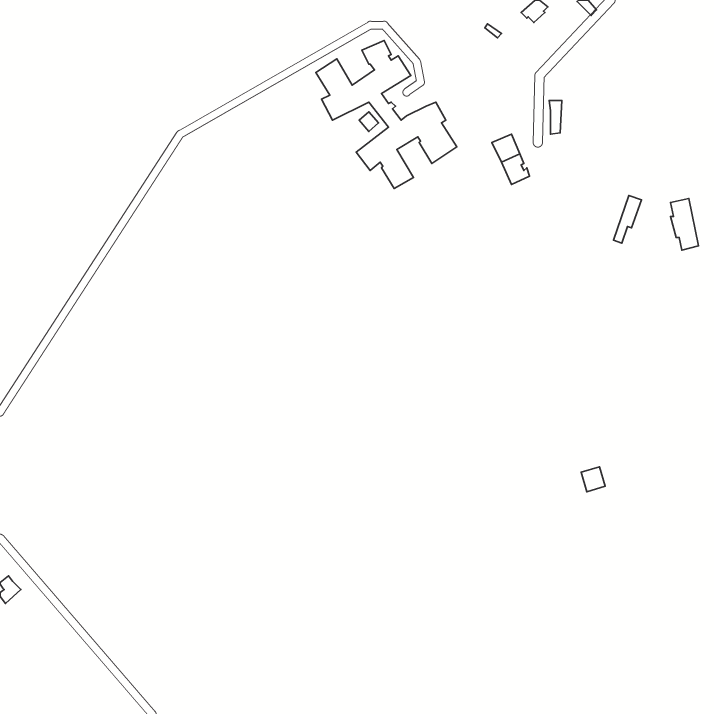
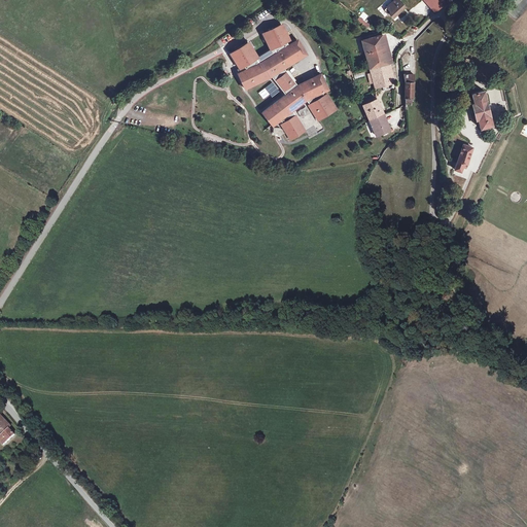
building: none -> [361,34,395,89]
building: [671,198,699,250] -> [473,93,494,131]

